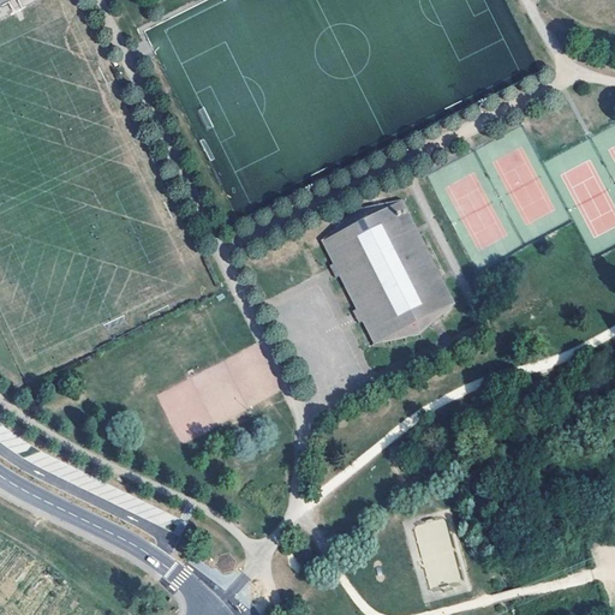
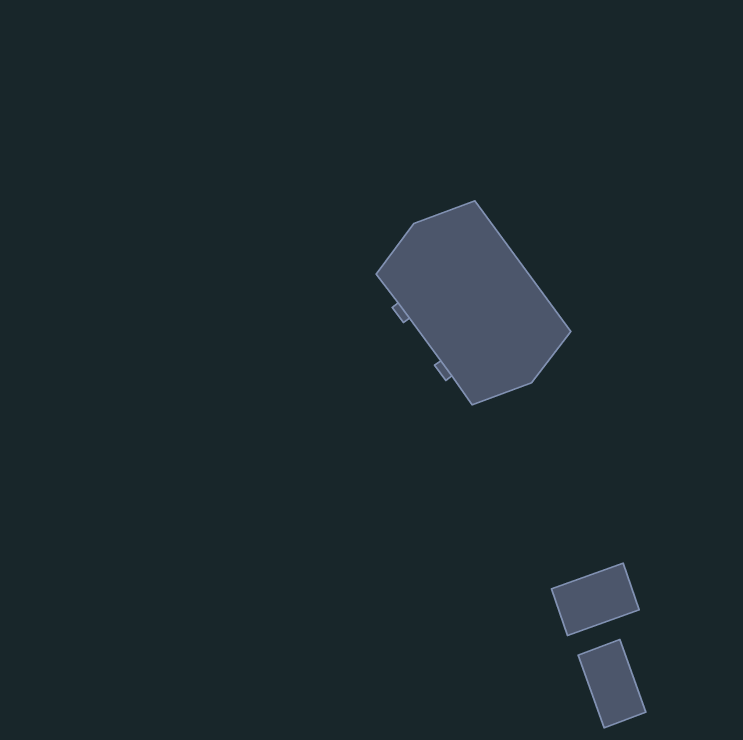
building: none -> [552,563,639,635]

